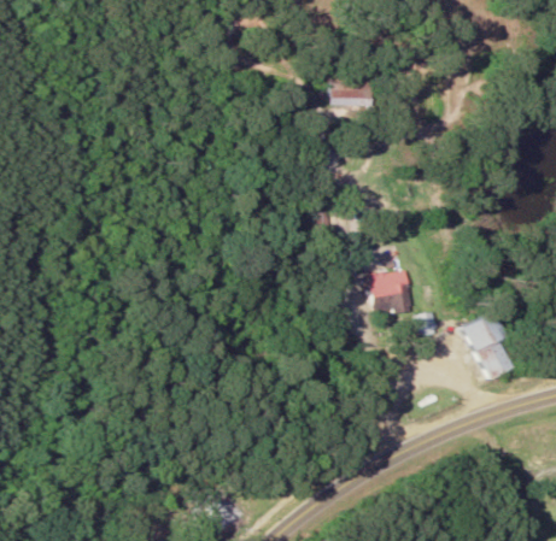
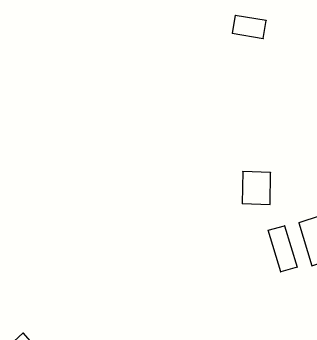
building: none -> [268,226,297,272]

